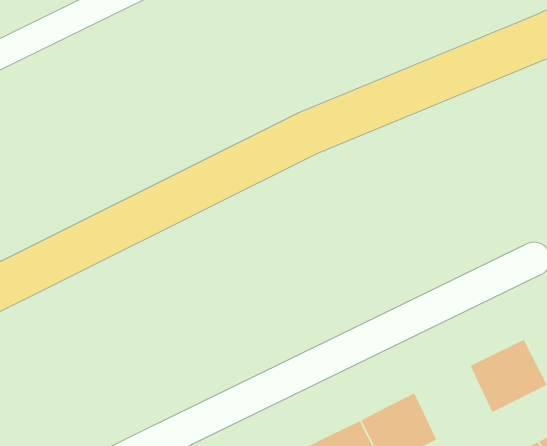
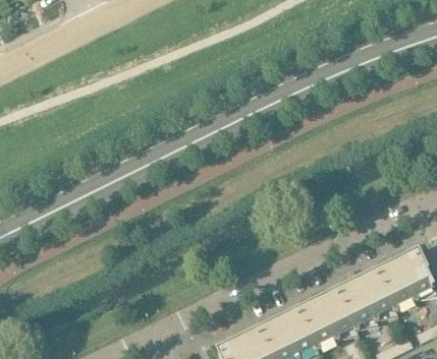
building: none -> [337,271,393,324]

